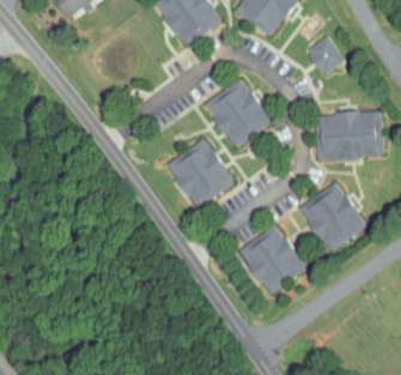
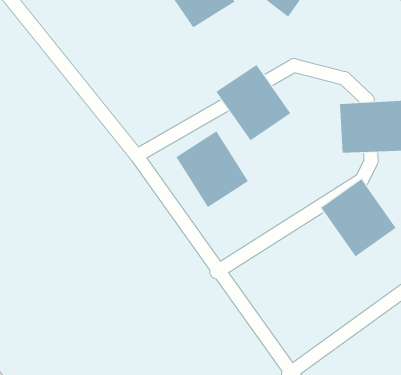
building: [308,35,346,74] -> none
building: [241,224,304,296] -> none

